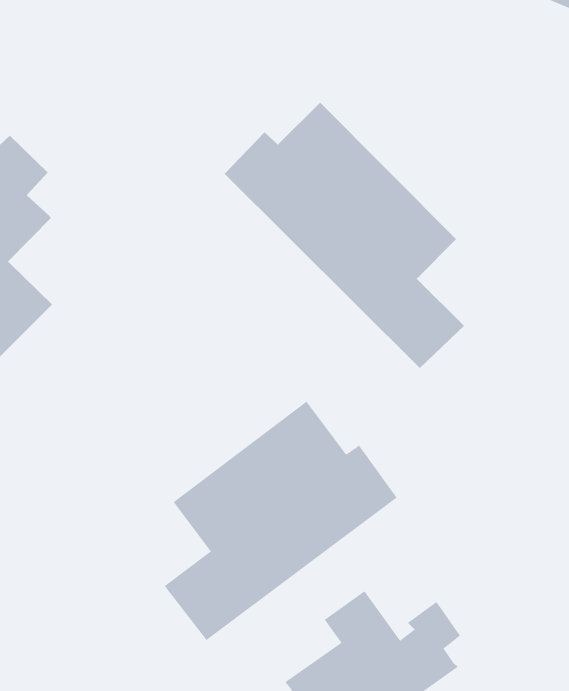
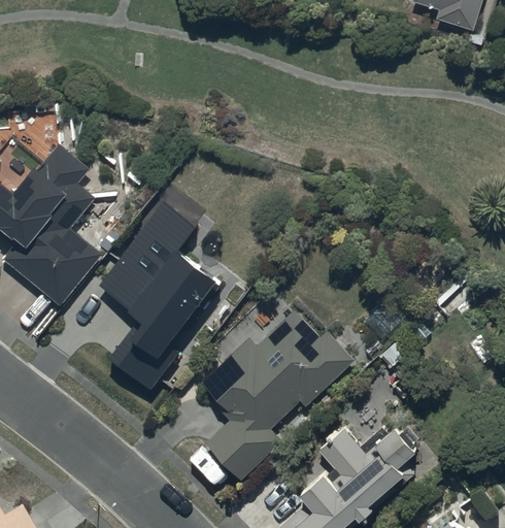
building: [224,102,465,369] -> none
building: none -> [97,203,217,392]

